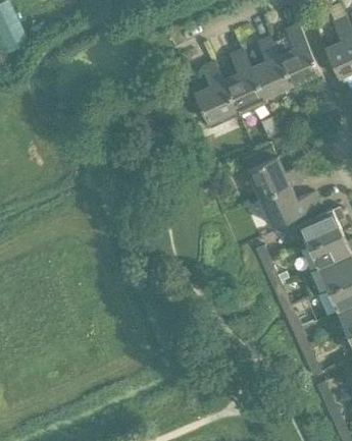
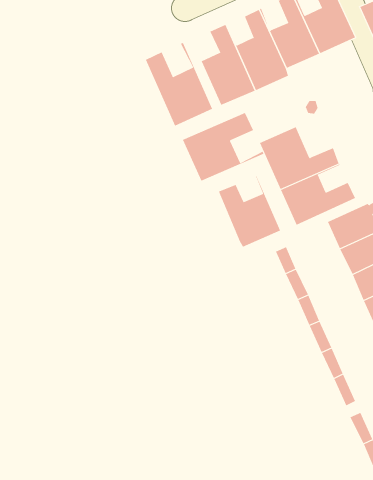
building: none -> [145,42,213,126]
building: none -> [182,112,264,182]
building: none -> [218,175,281,247]

